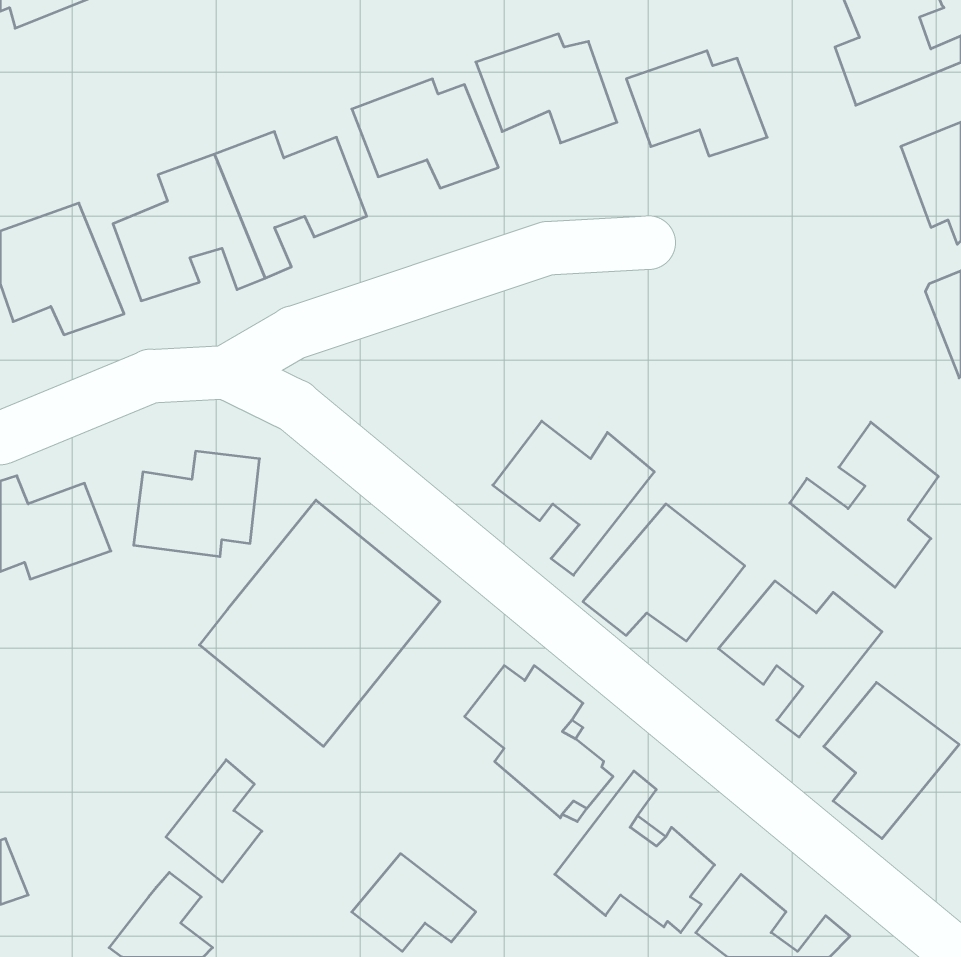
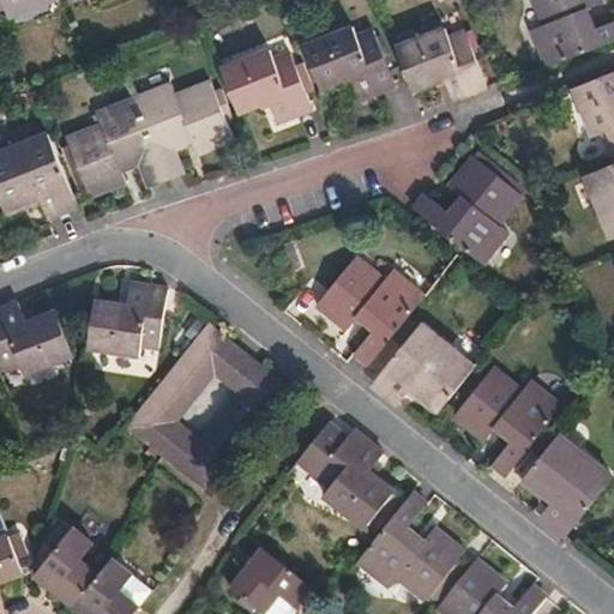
building: [790,422,938,587] -> [415,162,510,267]
building: [166,760,262,882] -> [34,526,95,604]

